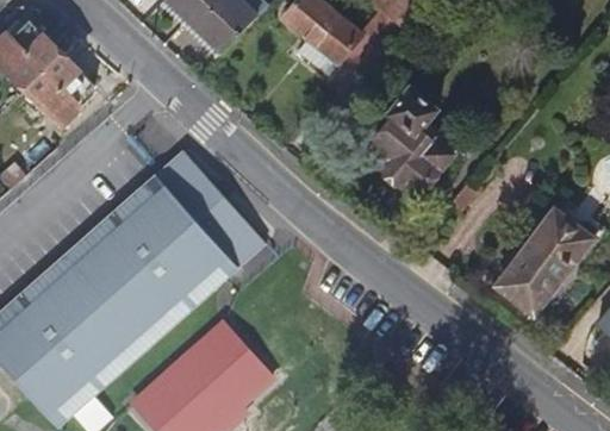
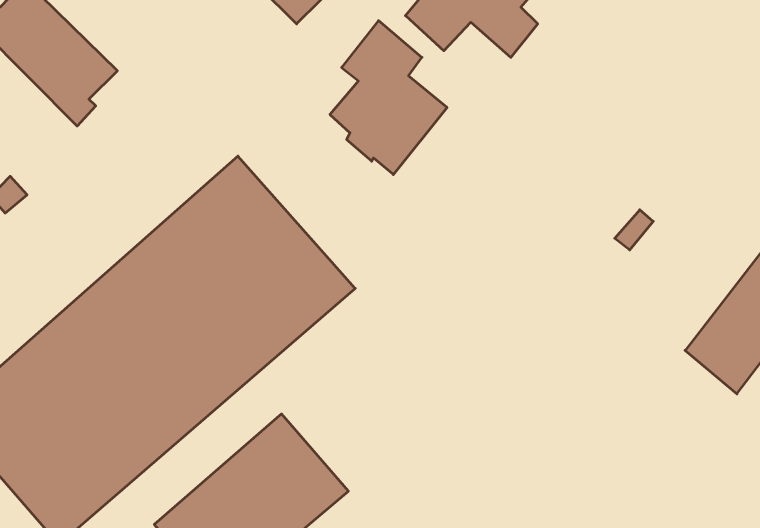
building: [375,83,459,193] -> [330,21,447,175]

